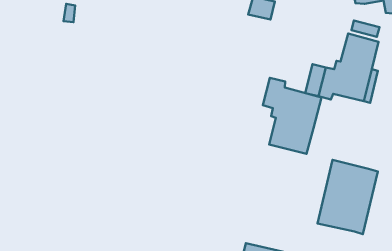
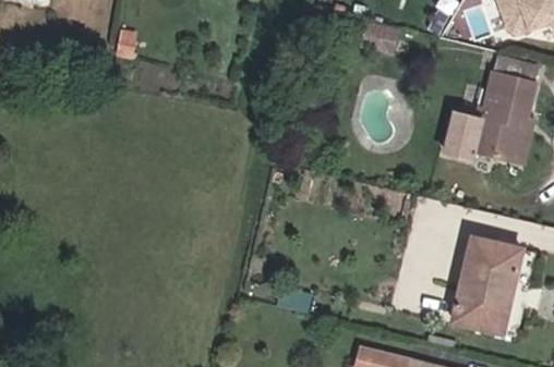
building: [263,78,322,154] -> none

